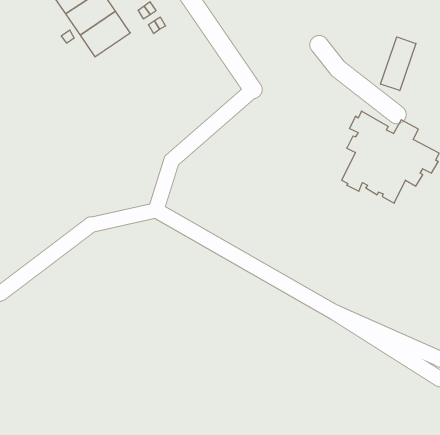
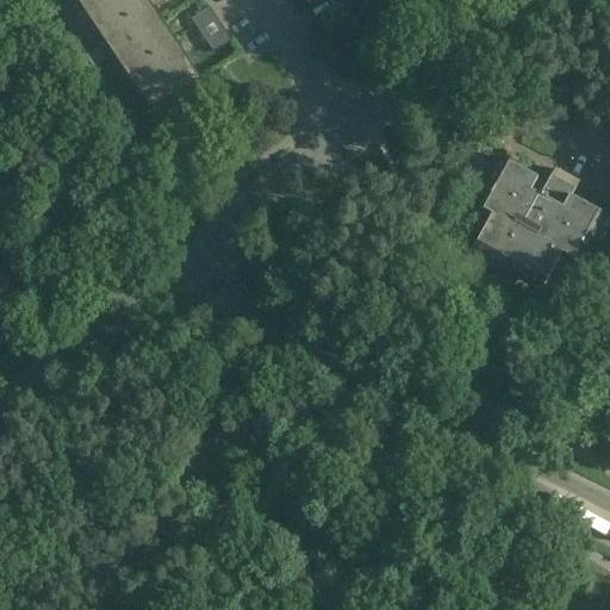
building: none -> [131,45,199,107]
building: [381,37,416,91] -> none

